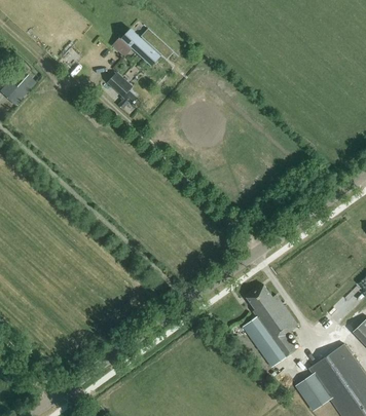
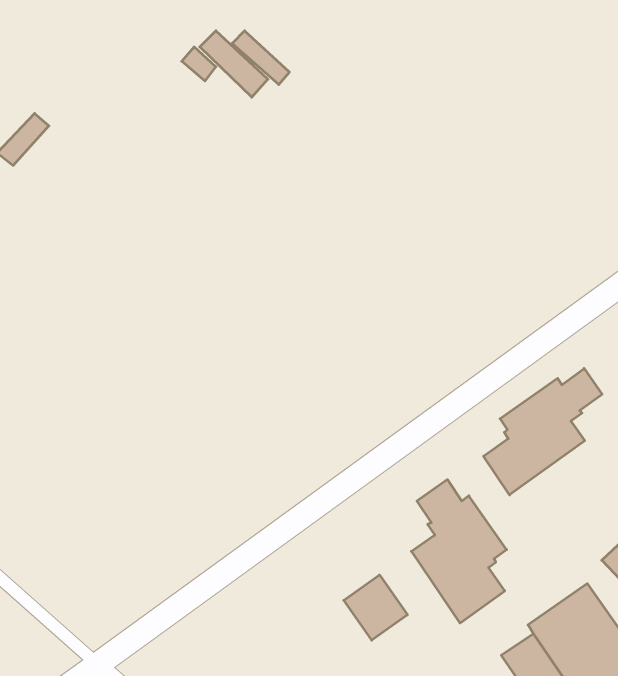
building: [106,72,137,108] -> none
building: none -> [484,368,602,495]
building: none -> [344,575,407,640]

